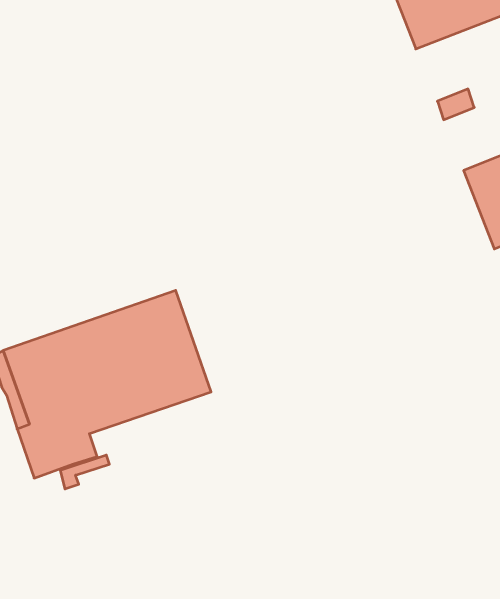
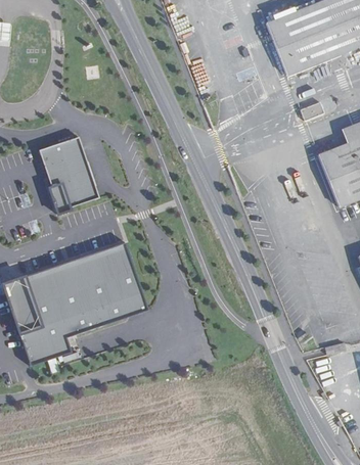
building: none -> [41,131,101,210]

